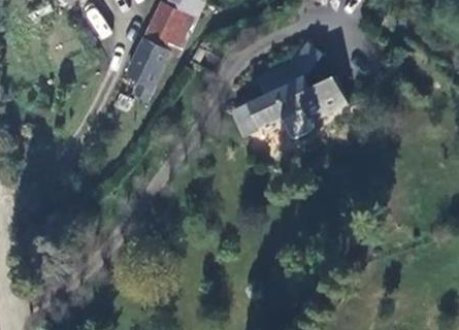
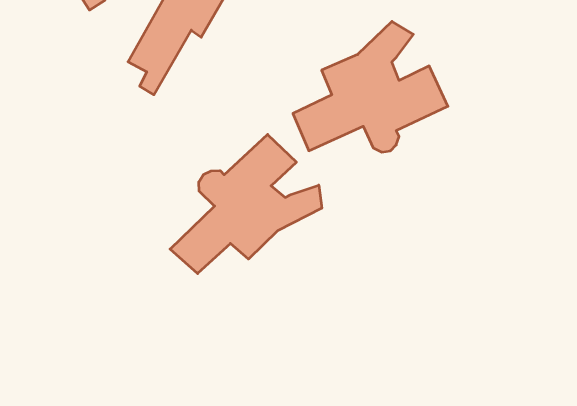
building: none -> [170,134,322,274]

